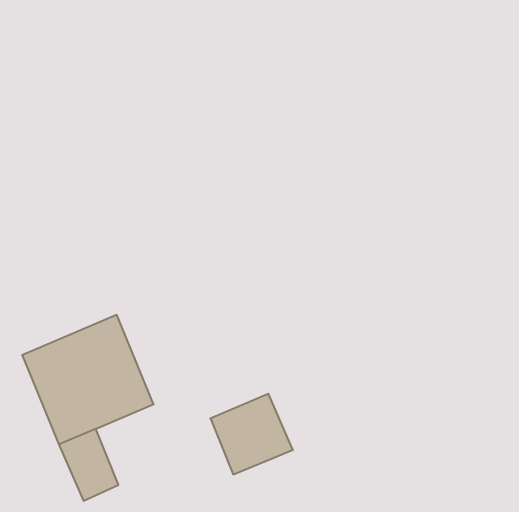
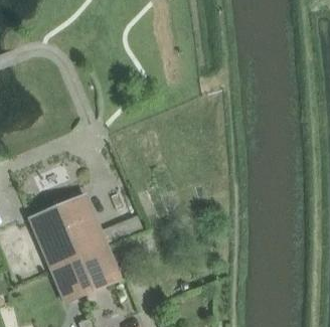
building: [210,394,293,474] -> [72,247,120,293]

